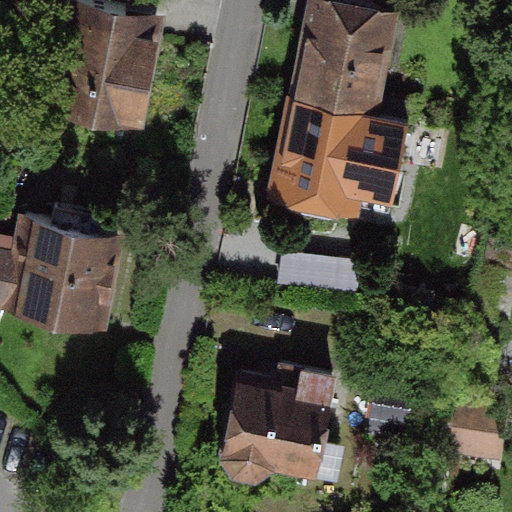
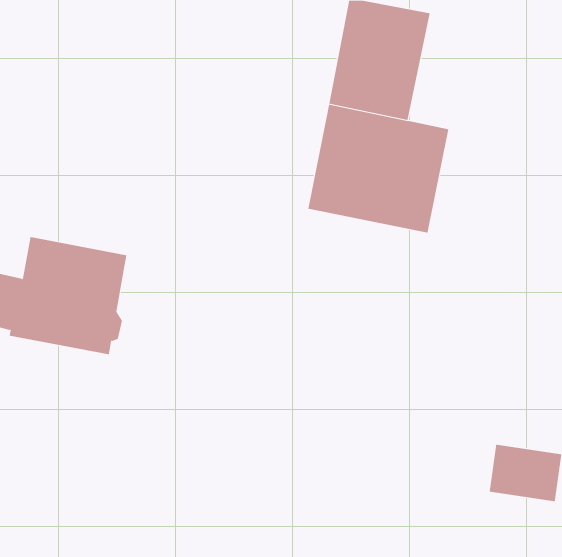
building: [49,21,155,126] -> none
building: [224,368,333,476] -> none

